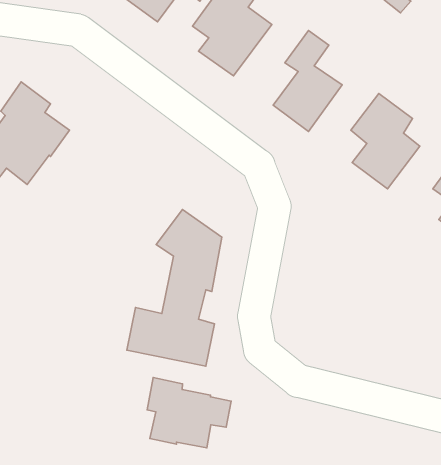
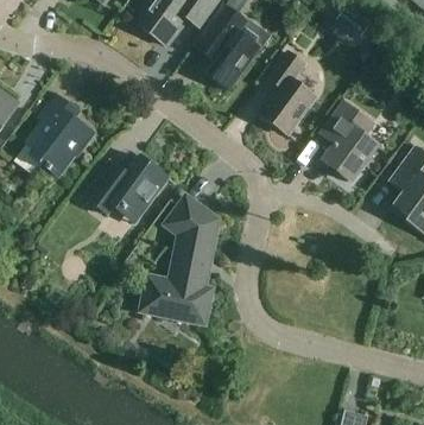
building: none -> [83,154,167,221]
building: [147,377,231,448] -> none

